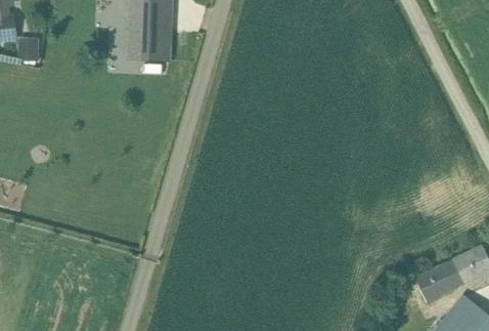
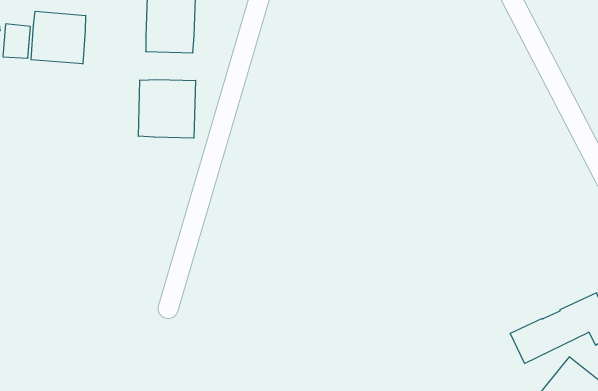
building: none -> [31,11,86,64]
building: none -> [138,80,196,138]

